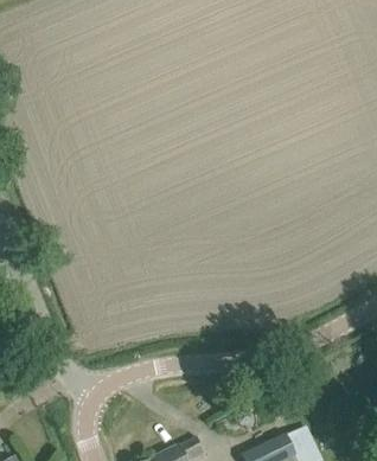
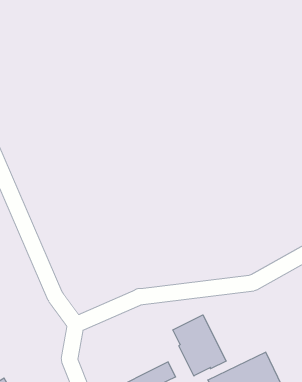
building: none -> [173,315,226,376]

